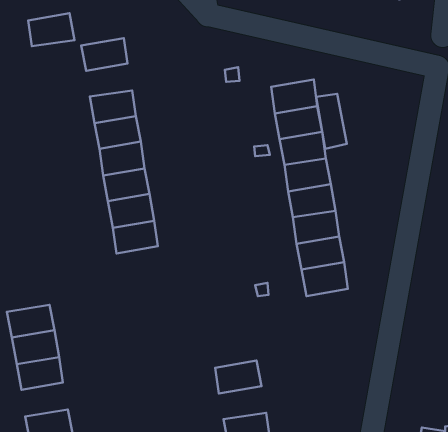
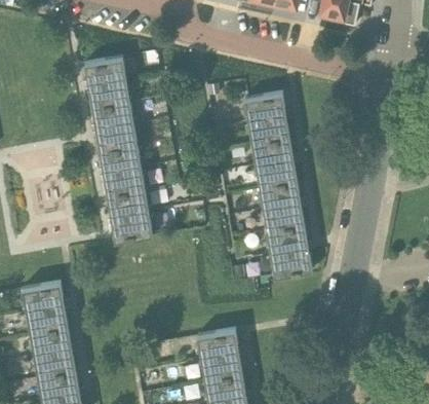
building: [28,13,74,46] -> [90,79,129,107]
building: [316,94,347,149] -> none
building: none -> [36,348,75,377]
building: none -> [202,352,242,379]

